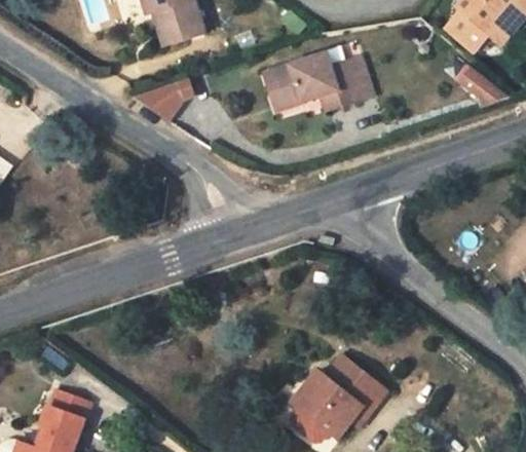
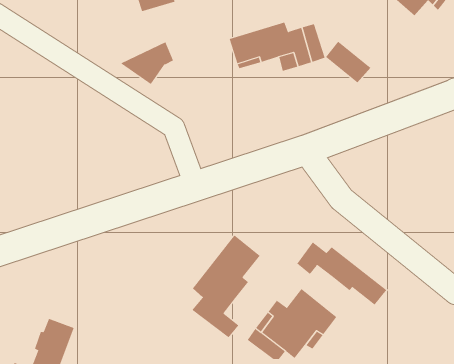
building: [451,60,503,108] -> [325,41,371,83]
building: none -> [192,235,261,338]
building: none -> [297,241,387,306]

